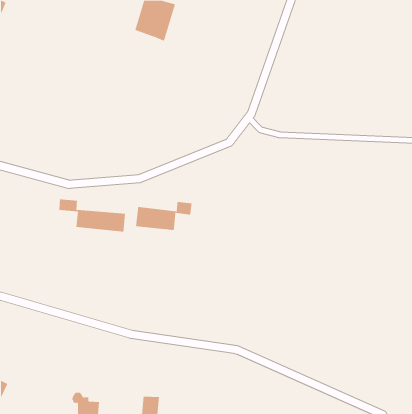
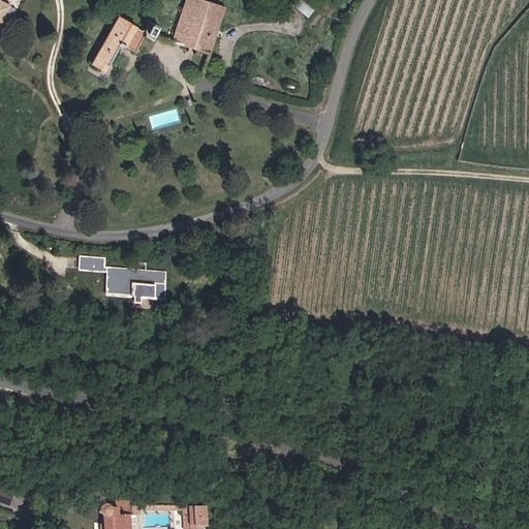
building: none -> [91,18,161,71]
building: [135,201,192,231] -> none

